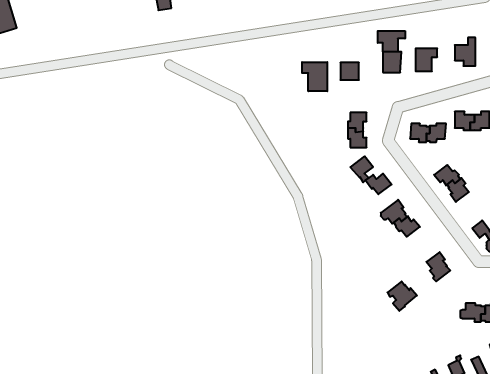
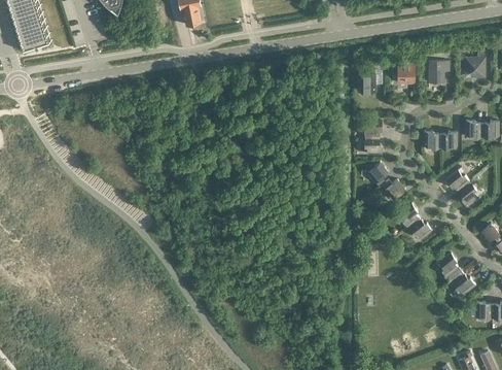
building: [378,31,405,52] -> none
building: [302,62,327,91] -> none
building: [387,281,417,311] -> [447,271,475,299]

